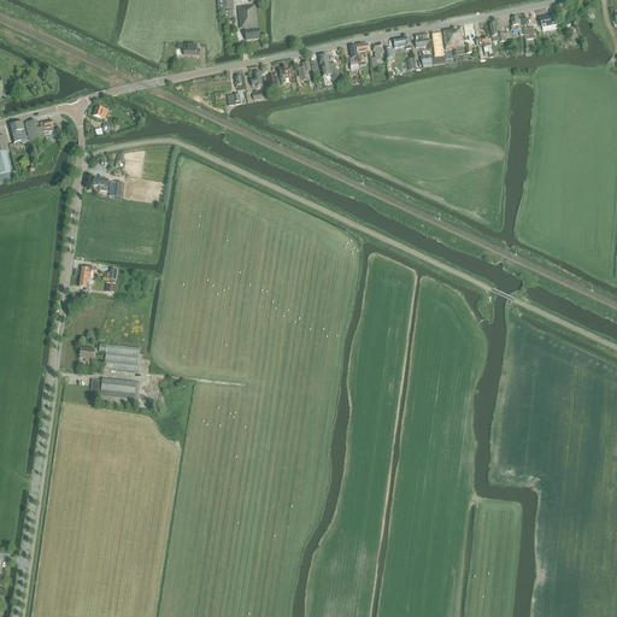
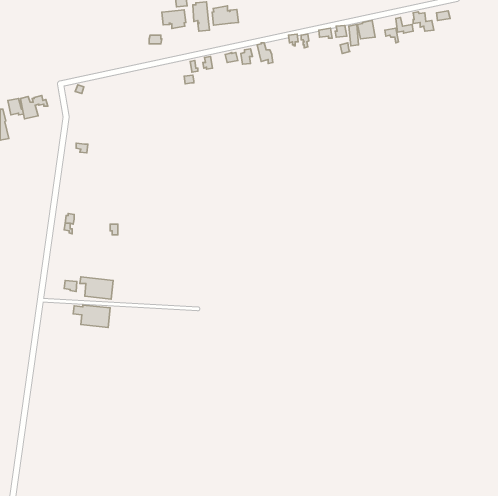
building: none -> [212,6,238,25]
building: none -> [162,10,186,29]

